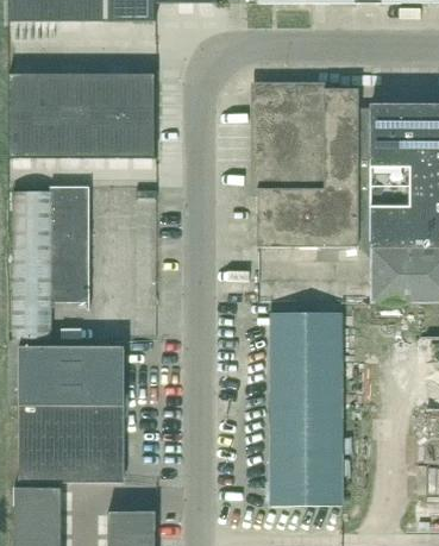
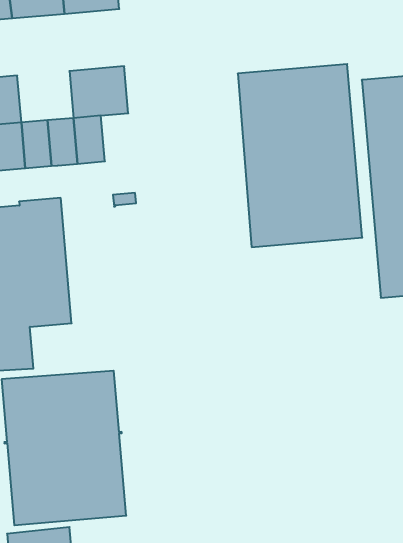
building: [58,73,106,115] -> none
building: [131,115,156,157] -> none
building: [270,312,341,504] -> none

